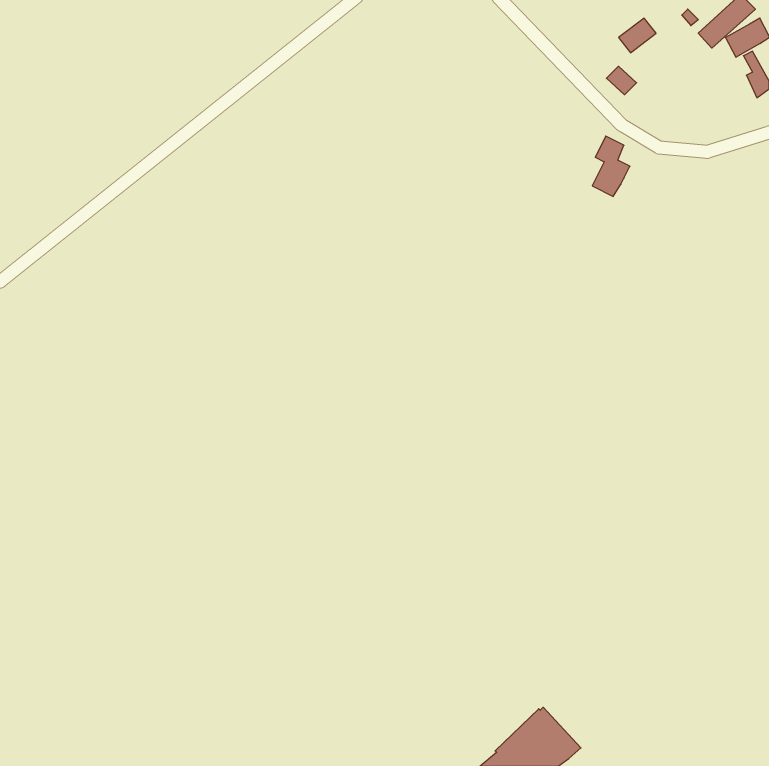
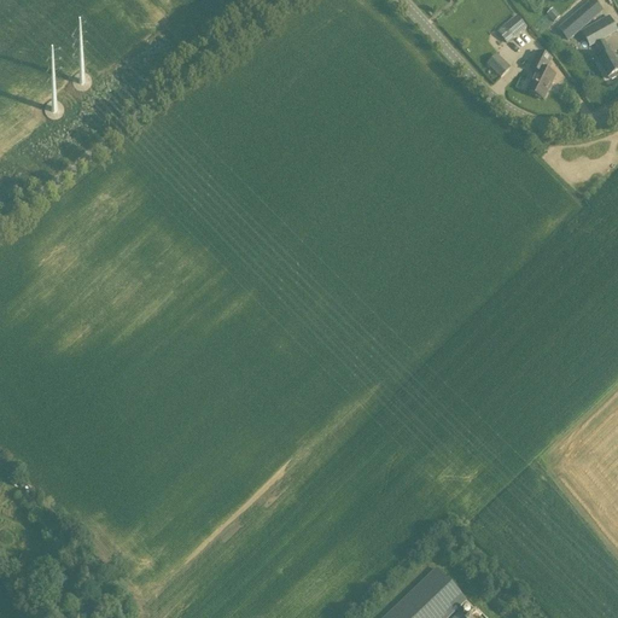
building: [592,136,630,196] -> [526,51,556,99]

